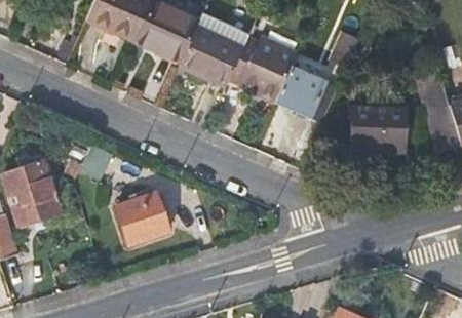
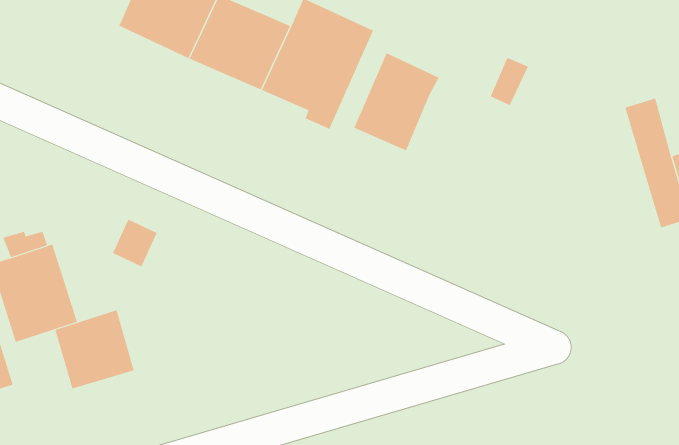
building: [276,65,326,118] -> none
building: [351,107,407,153] -> none
building: [117,193,169,245] -> [55,309,134,389]

